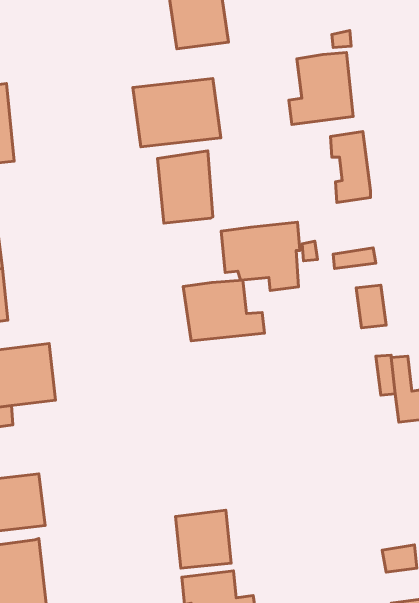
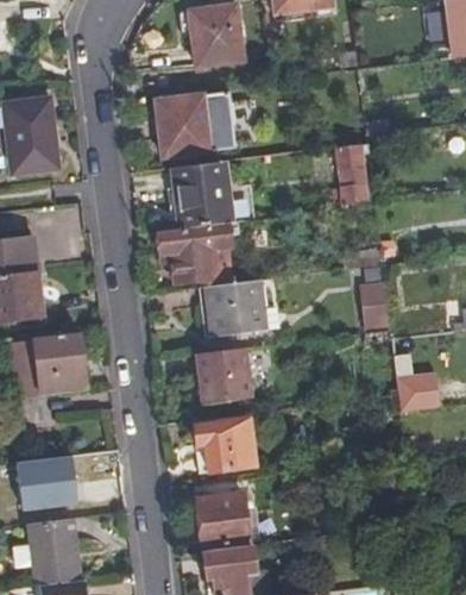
building: [289,53,353,125] -> none
building: [221,222,300,291] -> [158,221,231,284]
building: none -> [197,345,252,402]
building: none -> [194,412,256,472]

